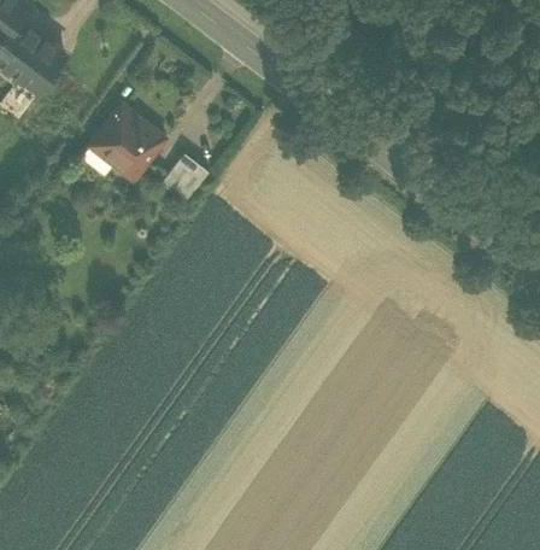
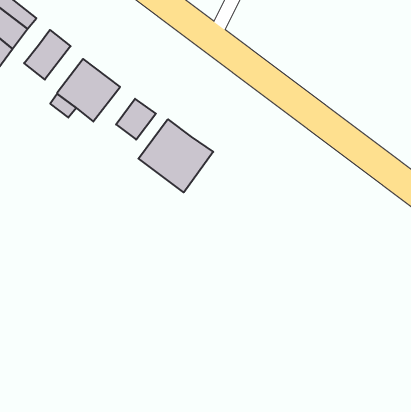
building: none -> [24,30,71,80]
building: none -> [138,119,213,192]

